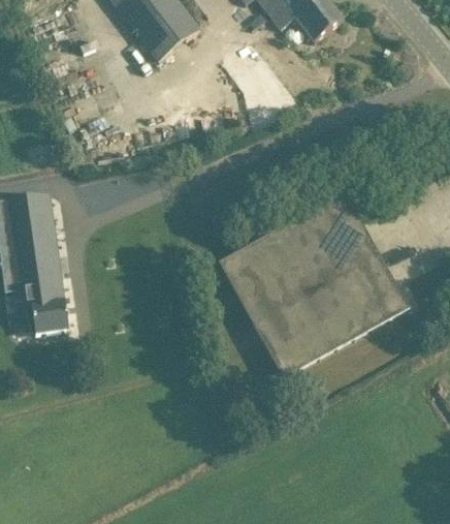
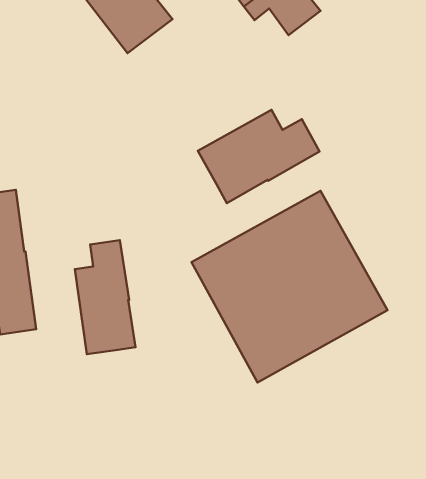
building: none -> [198,110,320,203]
building: none -> [75,240,135,354]

